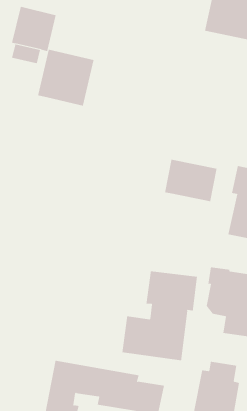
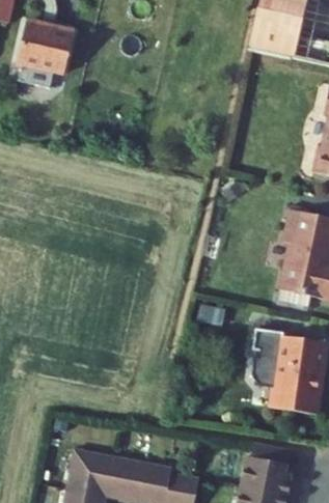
building: [38,49,94,107] -> none
building: [164,159,217,202] -> none
building: [122,271,198,361] -> none

